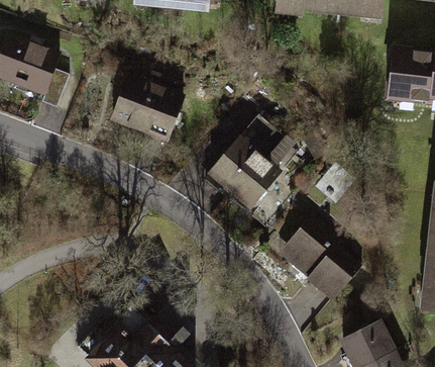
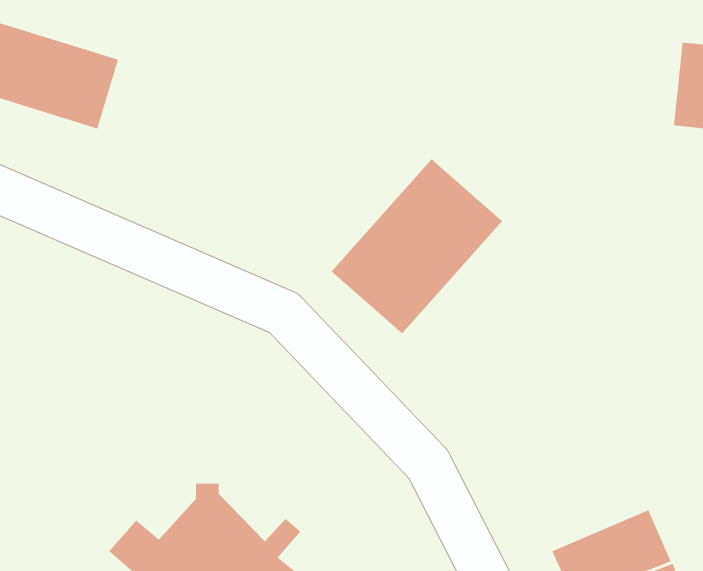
building: [108,76,189,141] -> none
building: [279,215,358,296] -> none

